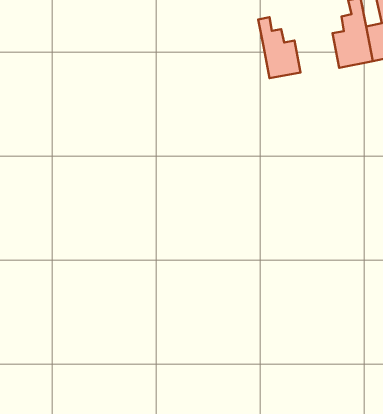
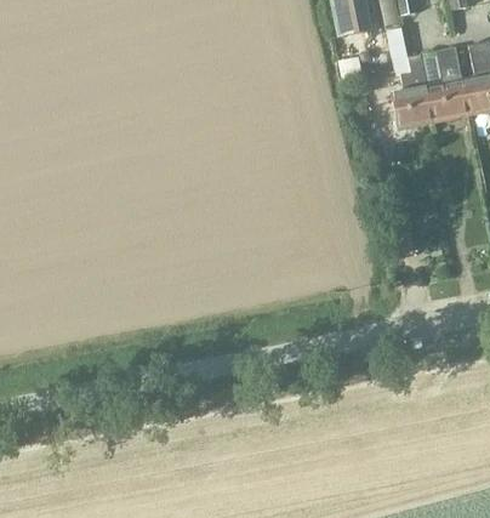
building: [258,17,301,78] -> none

